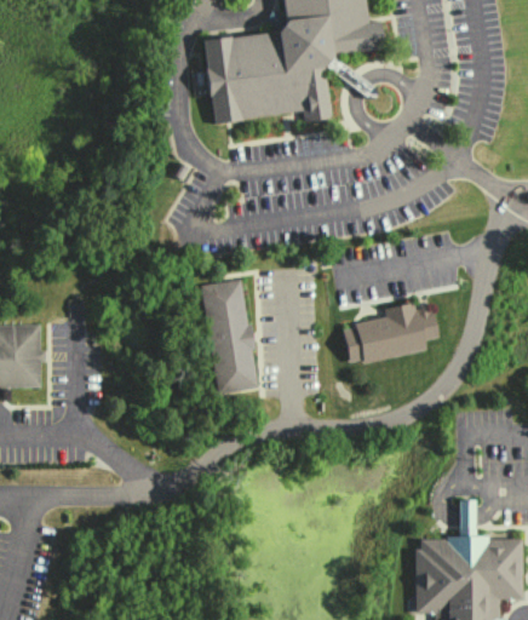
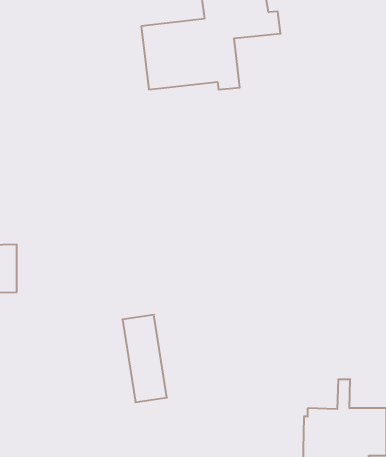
building: [200,280,258,394] -> [122,315,167,402]
building: [342,303,437,364] -> none

